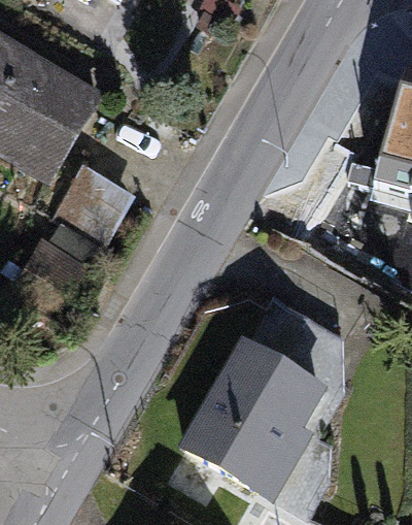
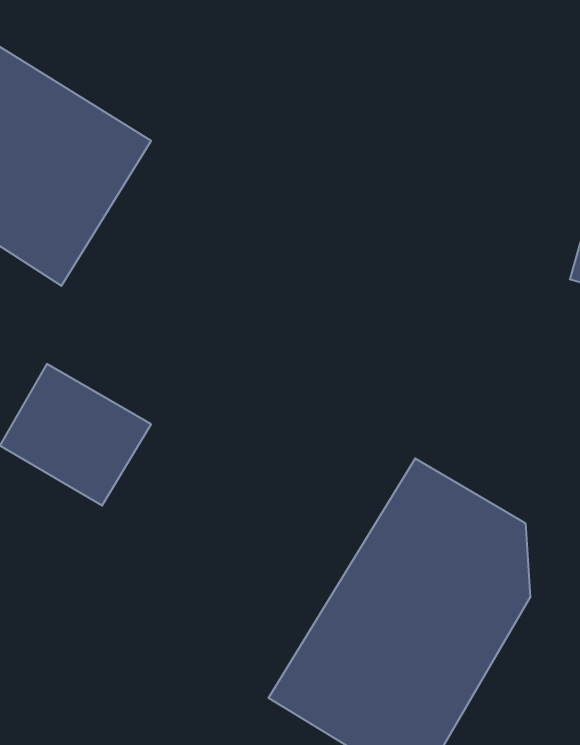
building: [50,164,137,247] -> none

